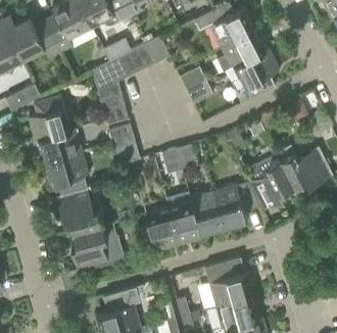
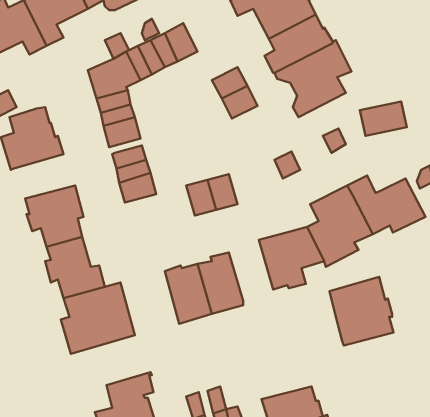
building: [37,131,81,162] -> none
building: [190,192,223,236] -> none
building: [204,257,250,306] -> [329,277,394,345]

